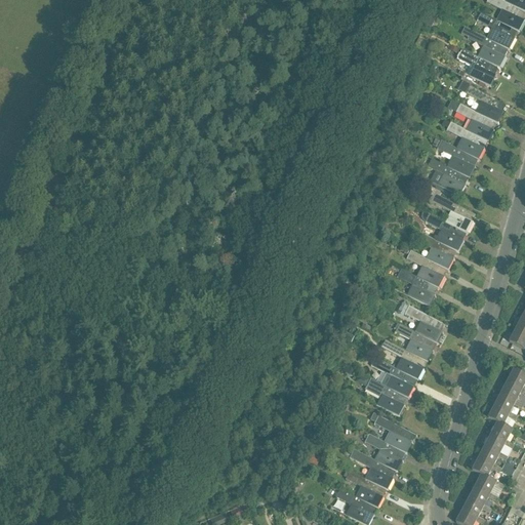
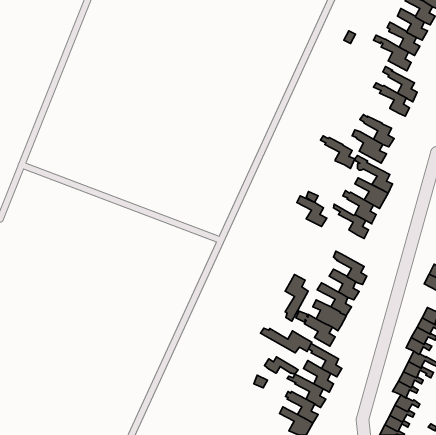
building: [442,119,483,158] -> [321,136,355,168]
building: [398,268,434,305] -> [297,196,327,227]
building: none -> [285,275,308,321]
building: none -> [260,328,312,353]
building: none -> [265,357,298,374]

